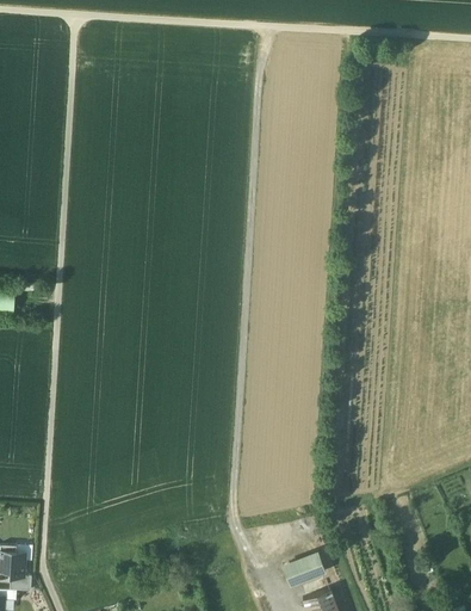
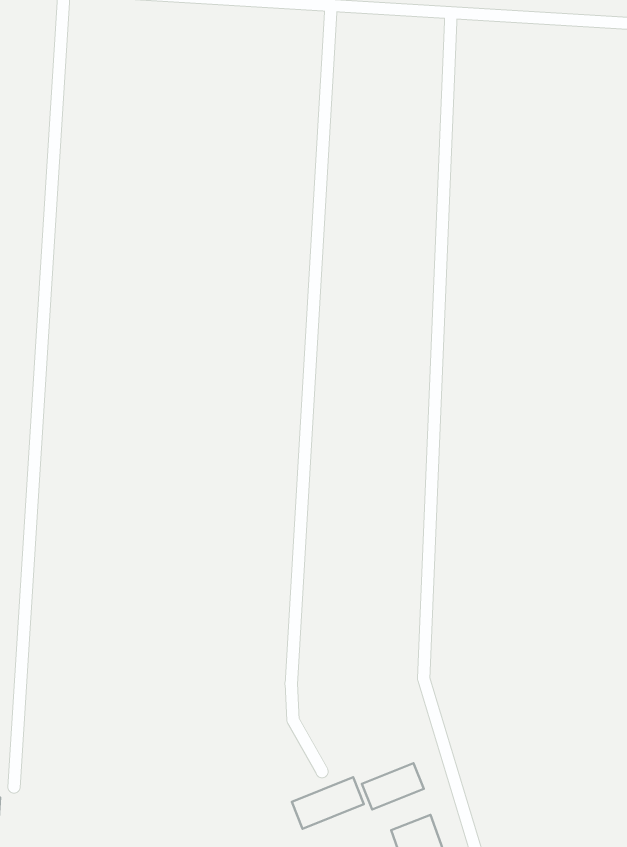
building: none -> [292,777,364,829]

